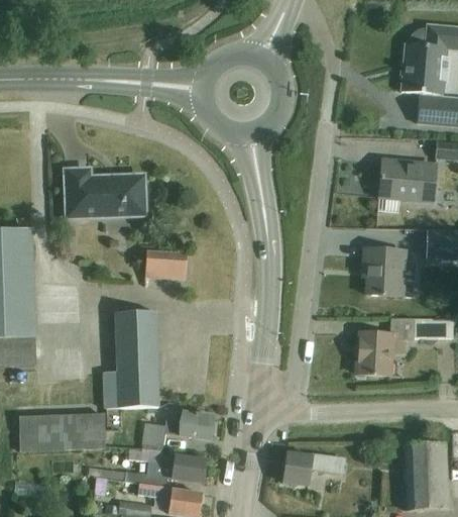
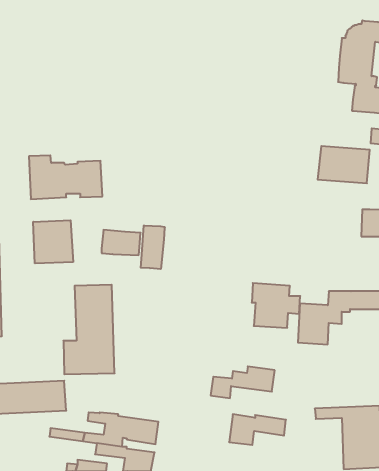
building: none -> [33,220,73,263]
building: none -> [141,225,165,269]
building: [363,247,416,296] -> [252,283,300,328]
building: [142,412,212,446] -> [211,366,275,398]

